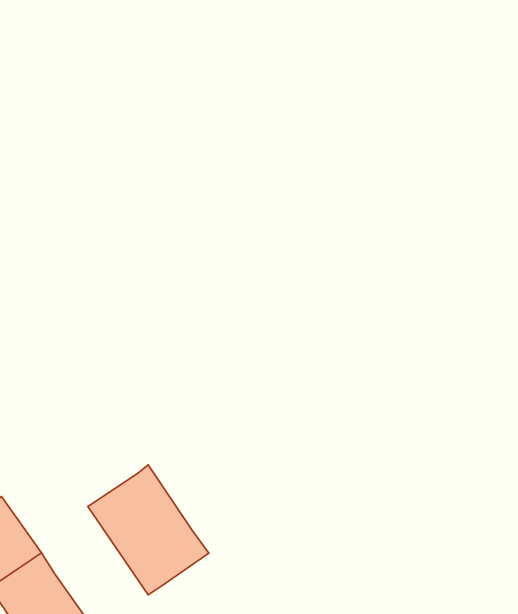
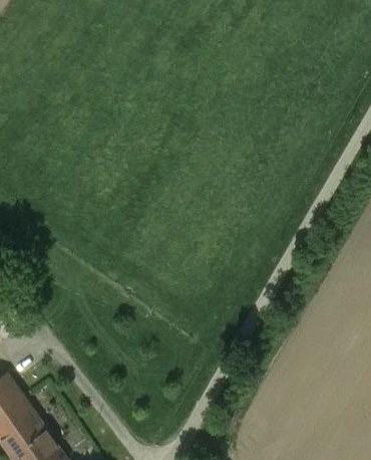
building: [88,465,209,595] -> none

